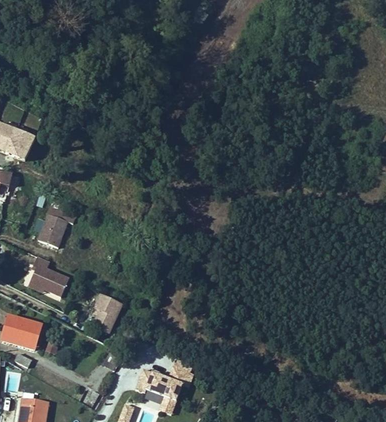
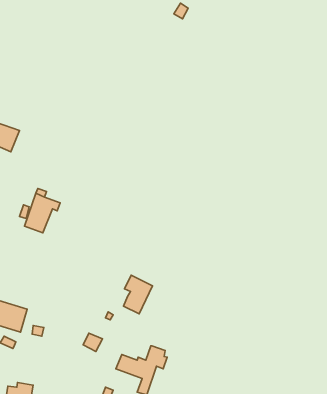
building: [28,255,69,296] -> none
building: [92,292,122,332] -> [124,275,153,314]

